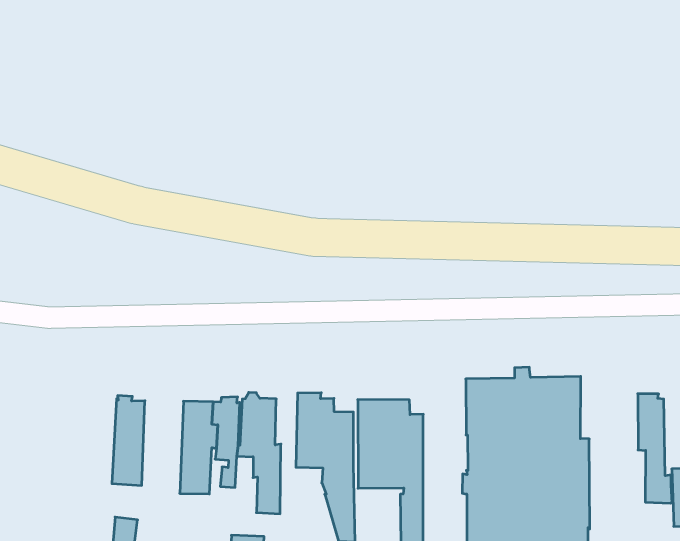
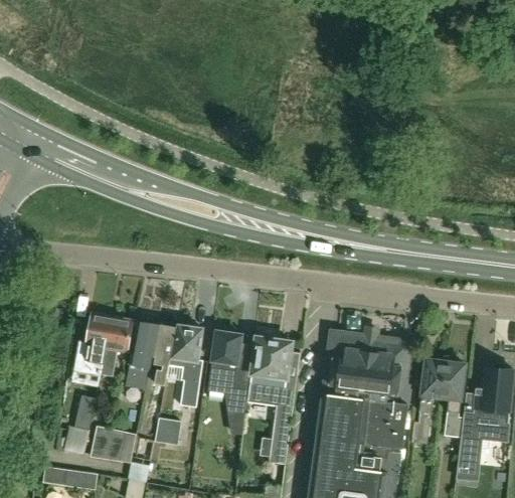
building: none -> [409,357,448,443]
building: none -> [102,317,132,377]

